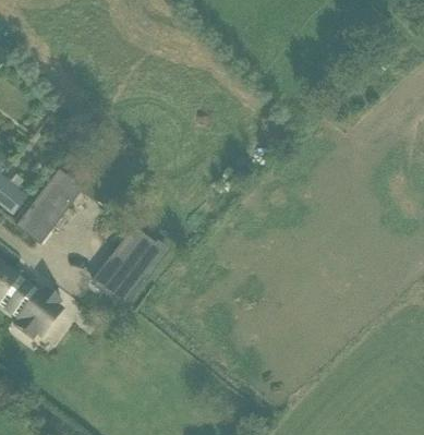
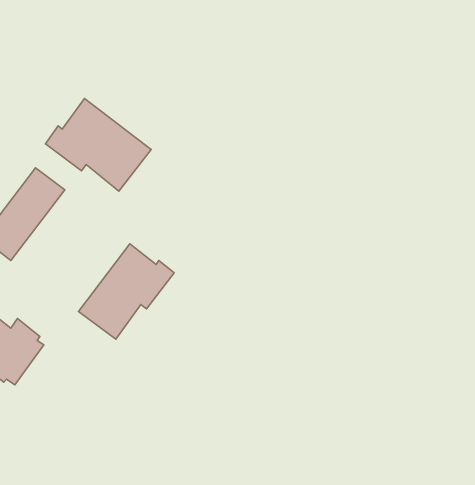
building: none -> [45,99,151,191]

